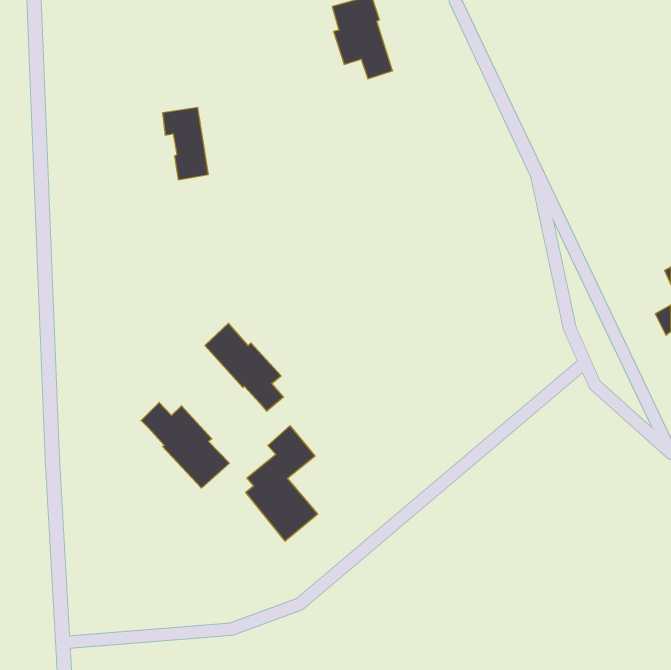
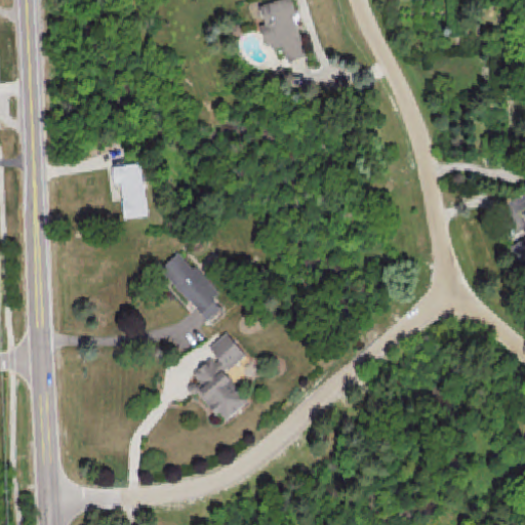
building: [163,107,208,180] -> [113,163,149,219]
building: [141,402,229,488] -> none

